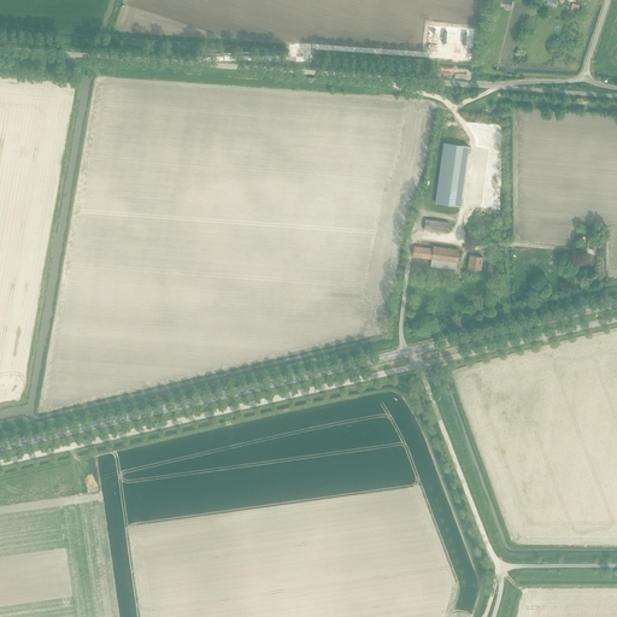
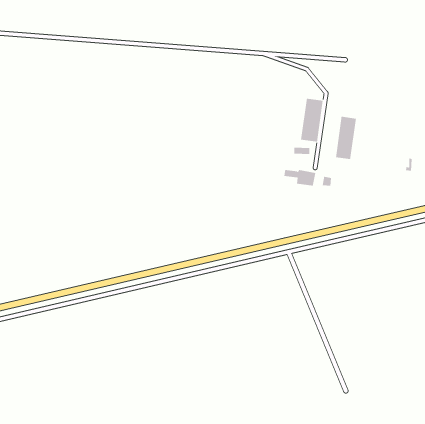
building: none -> [335,116,356,160]

